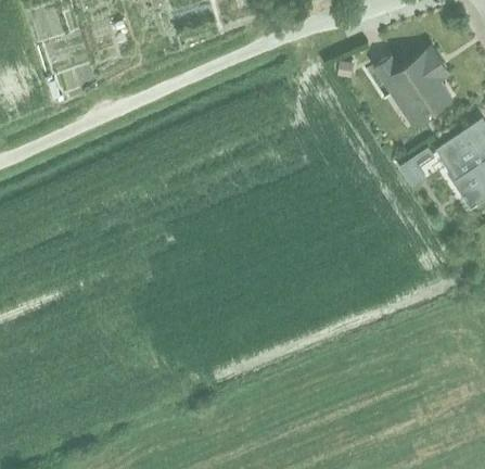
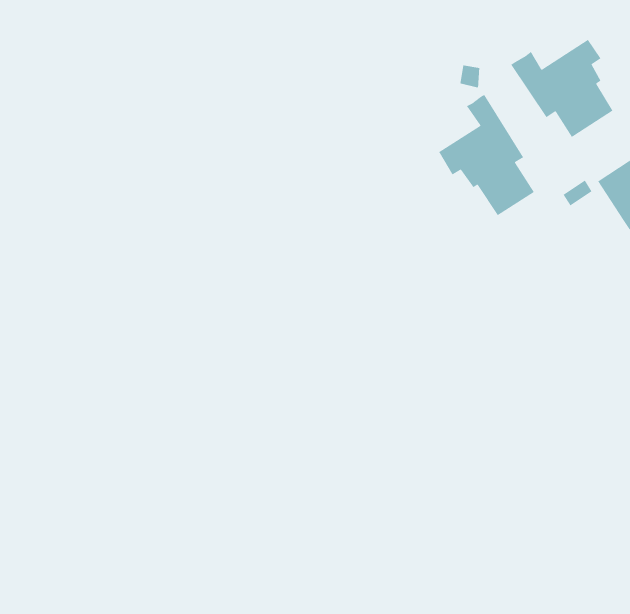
building: none -> [438,94,543,216]

